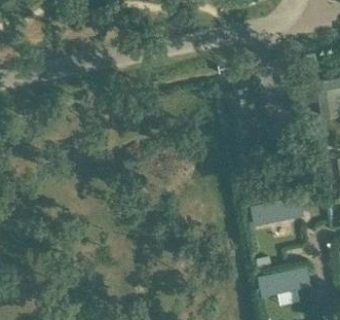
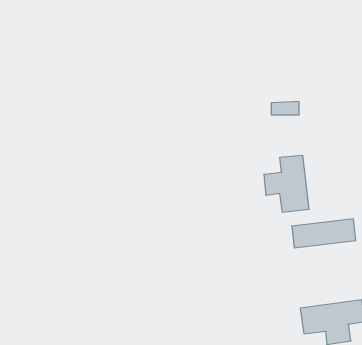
building: none -> [264,155,309,212]

